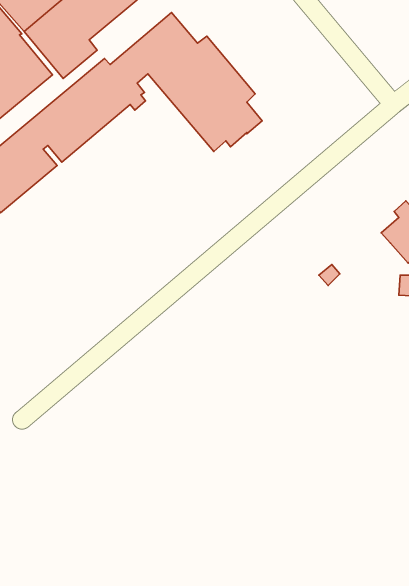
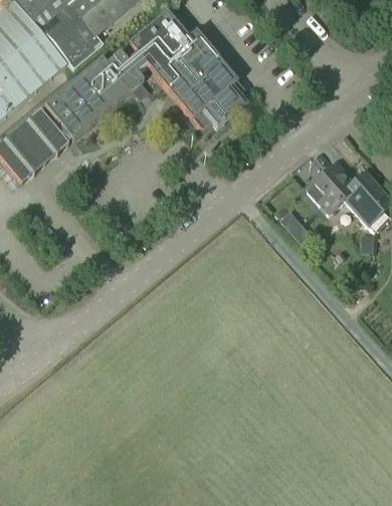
building: none -> [307,163,359,214]

